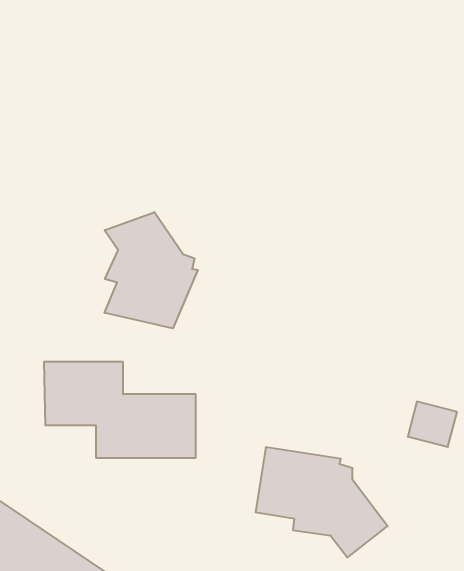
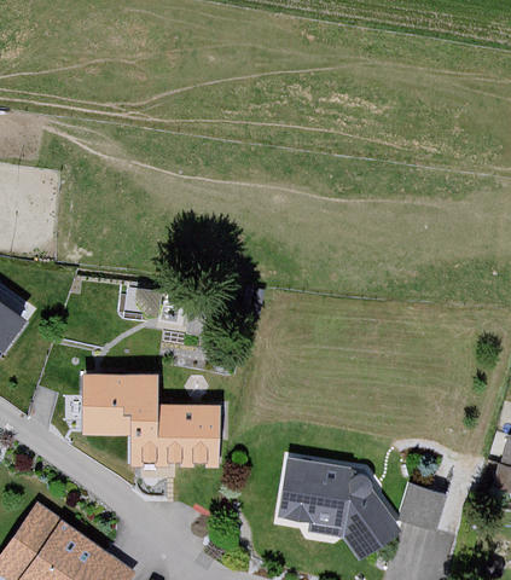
building: [105,212,198,328] -> none
building: [408,402,457,447] -> [401,485,447,527]

